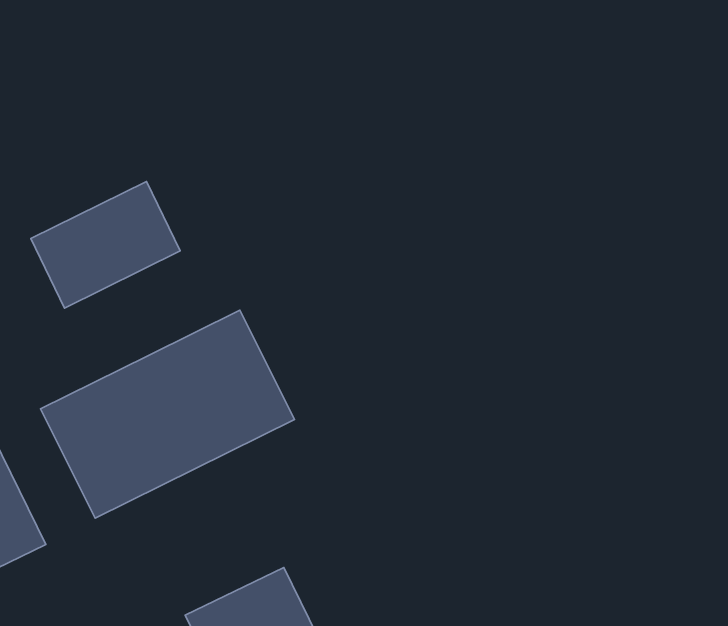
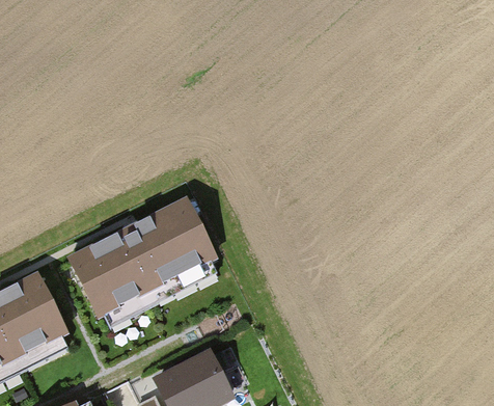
building: [31,181,180,308] -> none

